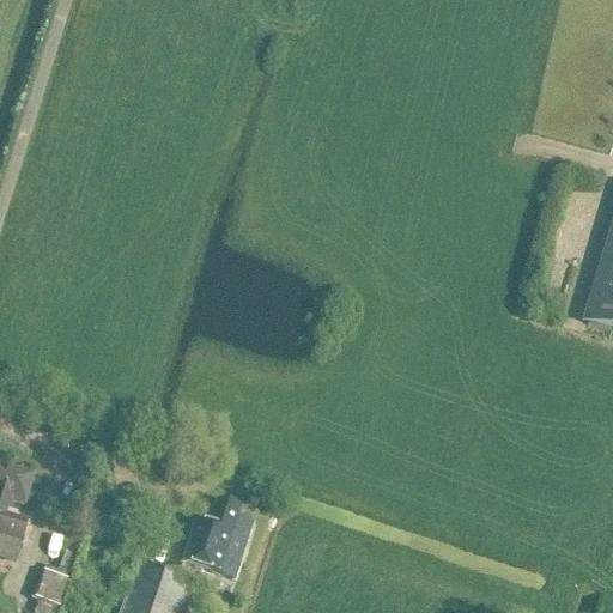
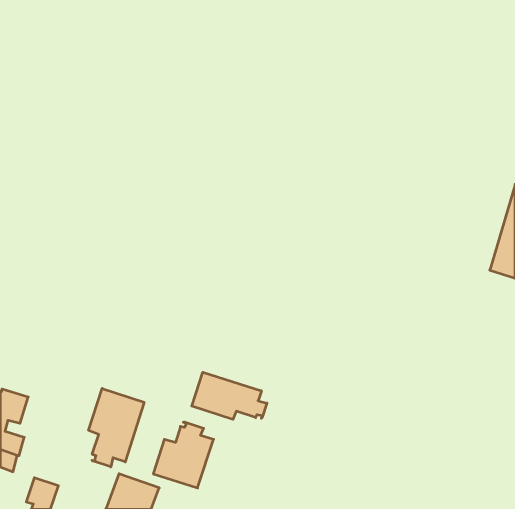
building: none -> [192,372,267,419]
building: none -> [89,388,144,467]

